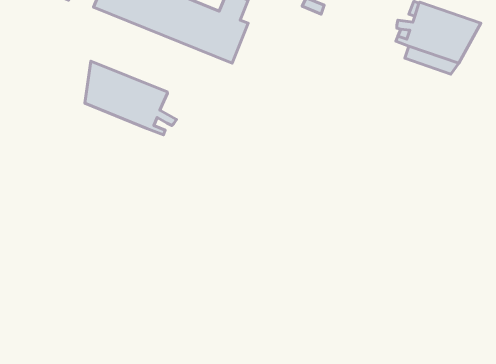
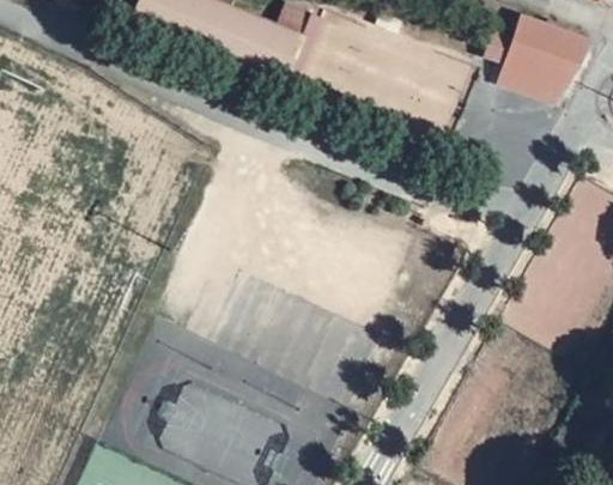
building: [85,61,176,135] -> none

